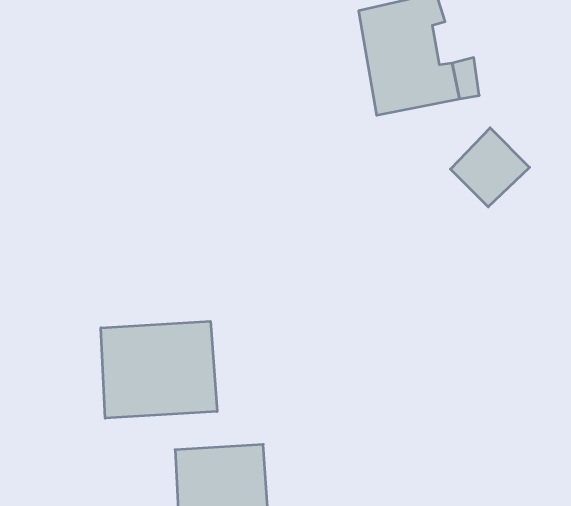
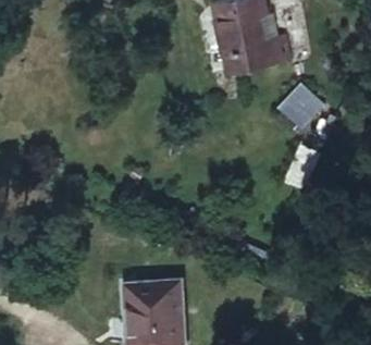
building: [101,321,217,418] -> none

